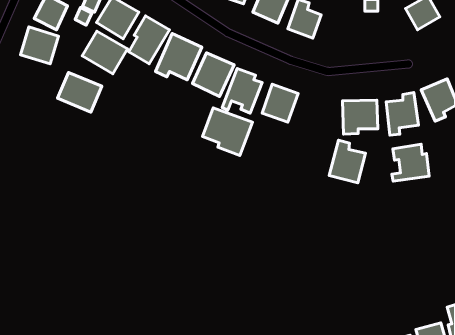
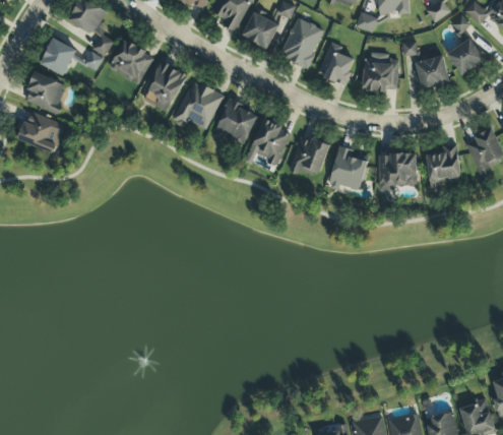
building: none -> [364,52,398,90]
building: none -> [416,55,449,88]
building: [82,31,127,74] -> none
building: [57,72,102,112] -> [16,110,65,153]
building: [202,108,253,156] -> none
building: [329,140,365,183] -> [328,145,368,192]
building: [392,144,429,181] -> none

